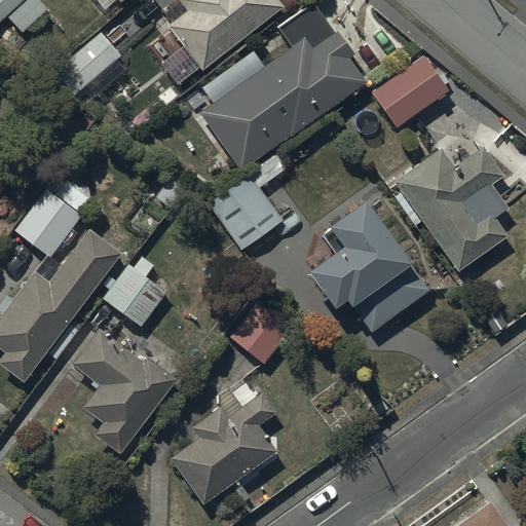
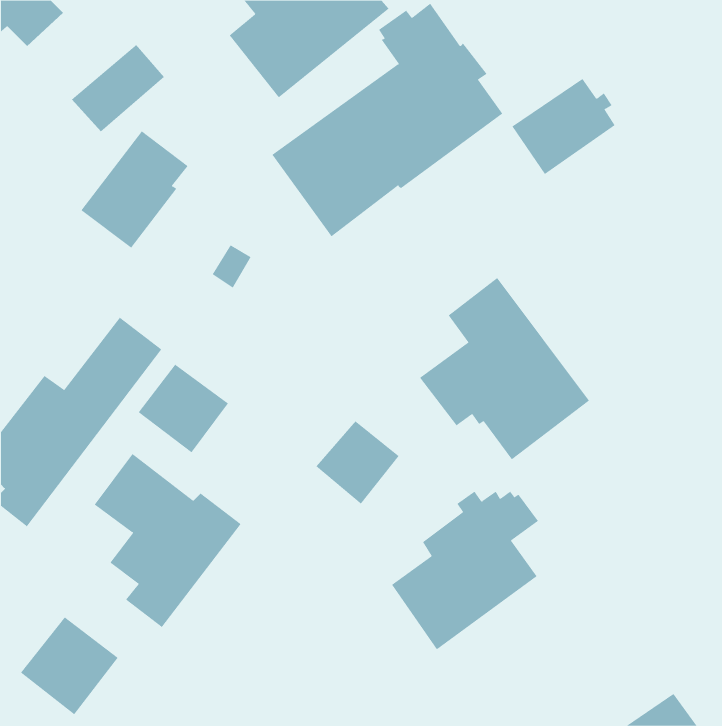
building: [396,147,509,271] -> none
building: [13,173,91,258] -> [80,131,188,248]
building: [208,174,284,251] -> none
building: [171,389,277,504] -> [391,491,539,650]
building: none -> [20,617,118,715]

